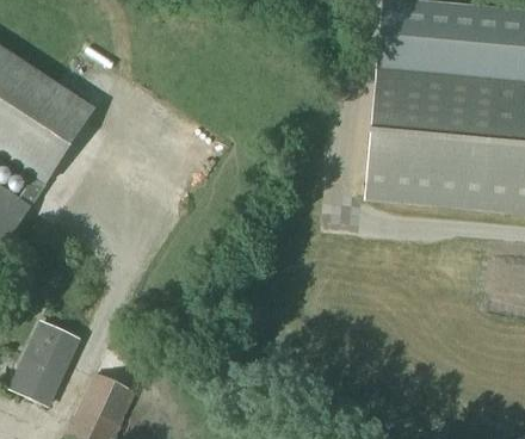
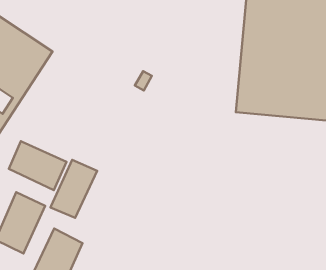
building: none -> [9,141,66,190]
building: none -> [50,160,97,218]

